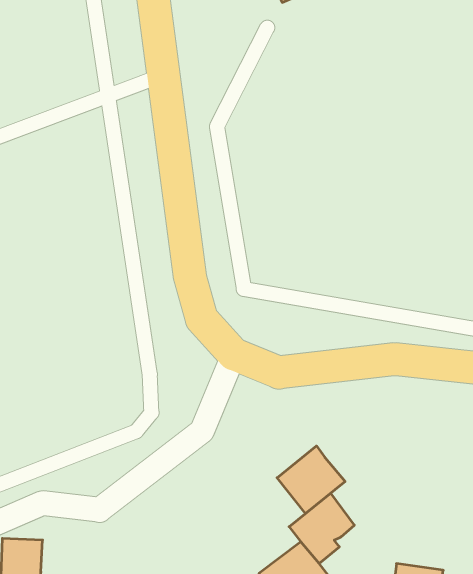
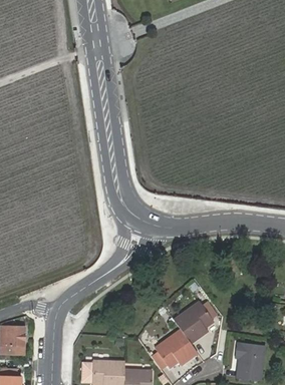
building: [277,446,345,513] -> none

